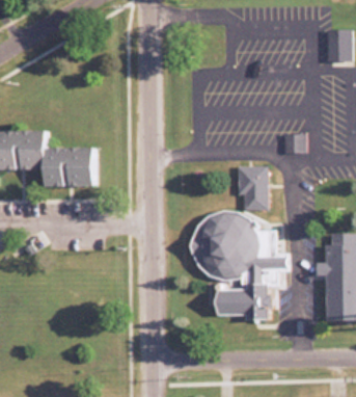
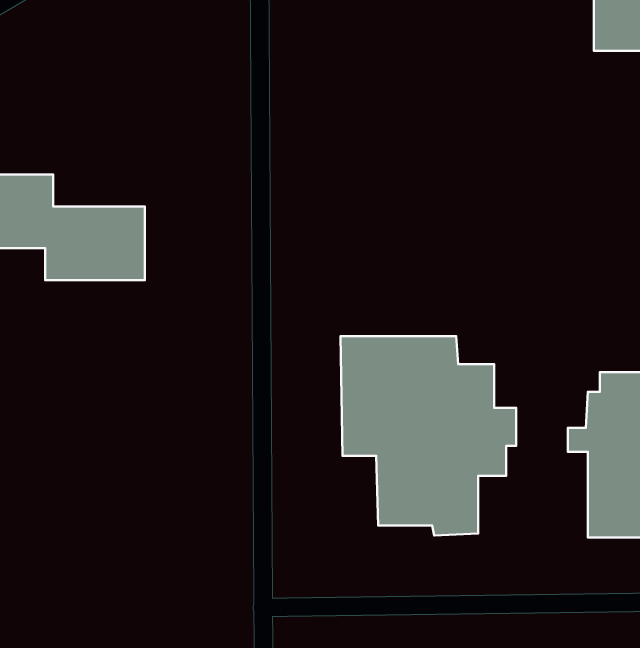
building: [240,166,268,210] -> none

